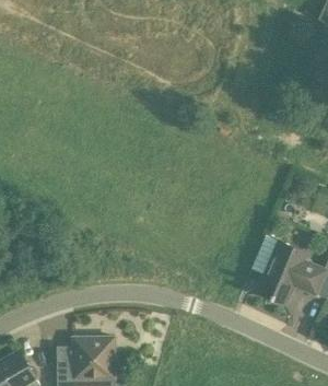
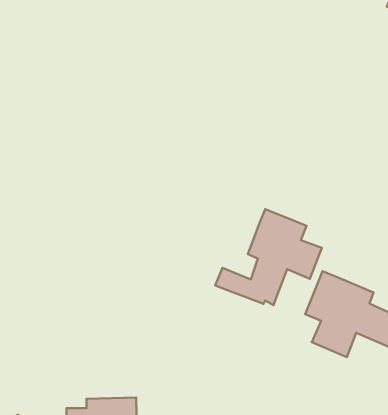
building: none -> [215,209,322,305]

